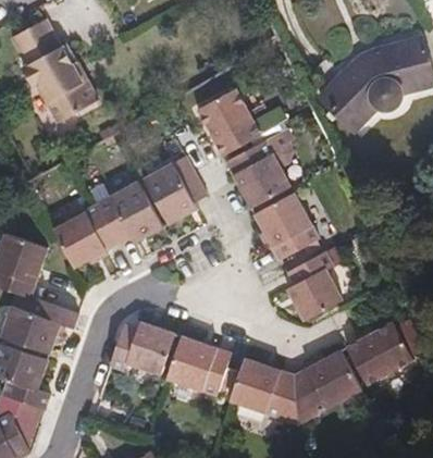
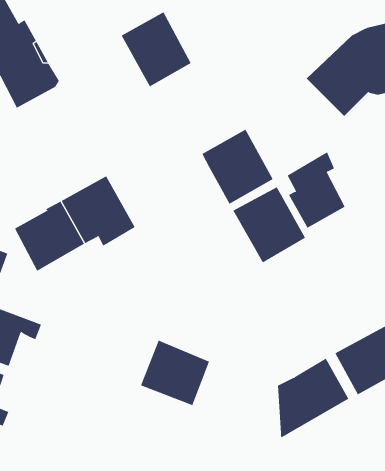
building: [195,88,259,157] -> [121,12,192,87]
building: [144,157,207,227] -> none
building: [286,251,339,321] -> [287,152,346,228]
building: [110,317,178,370] -> none
building: [231,356,296,421] -> none

